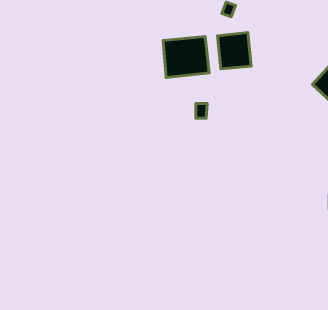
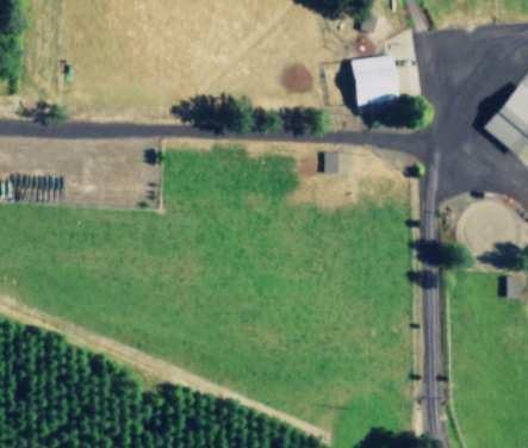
building: [163,36,209,78] -> none

